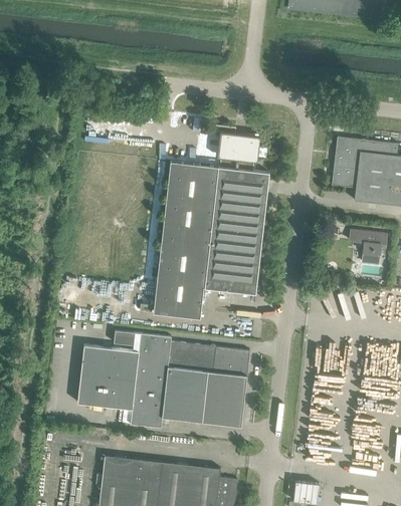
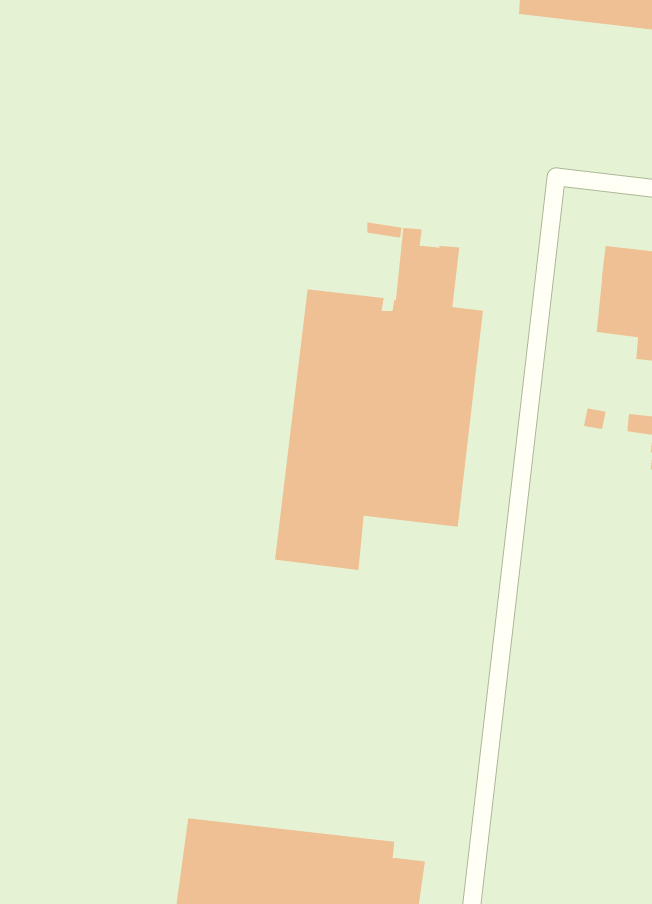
building: [78,330,250,428] -> none

